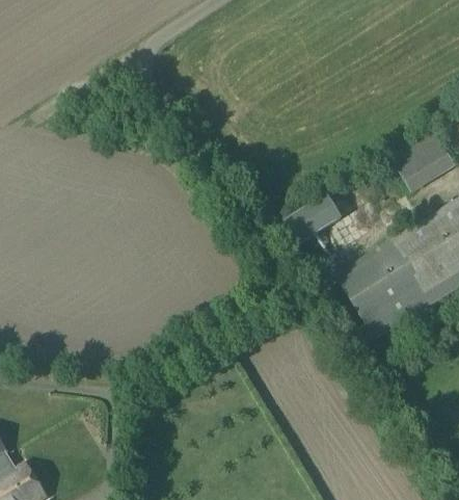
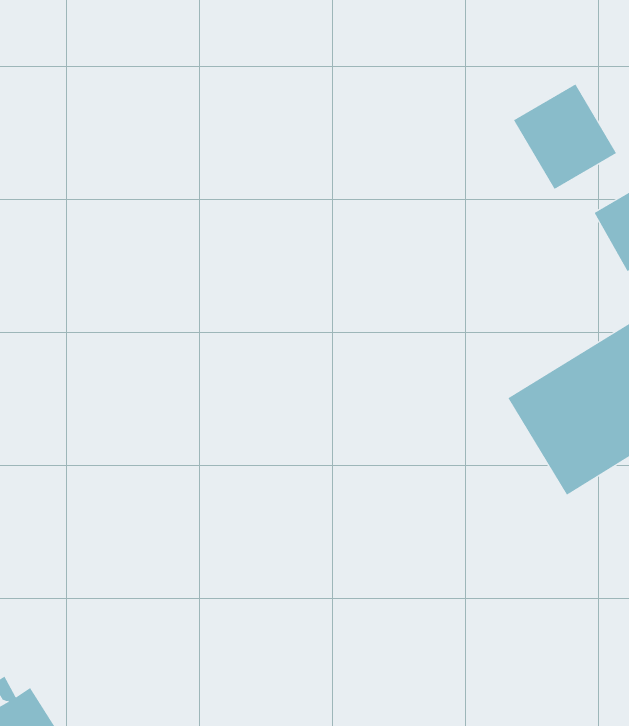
building: none -> [513,83,617,190]
building: [278,194,342,247] -> none

